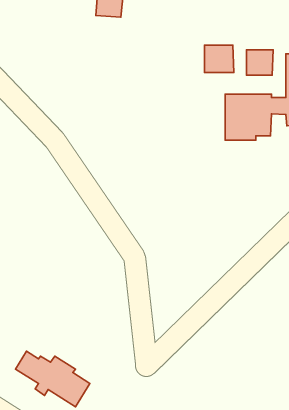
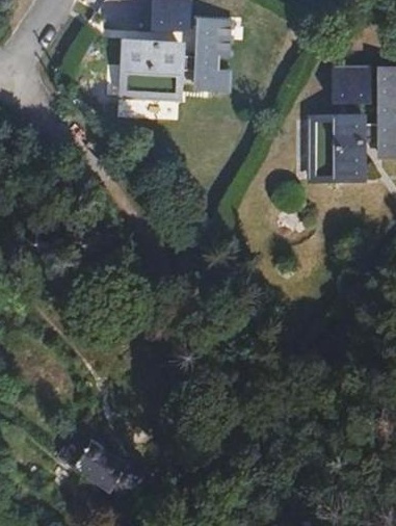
building: none -> [120,18,229,96]
building: [204,45,234,73] -> none

